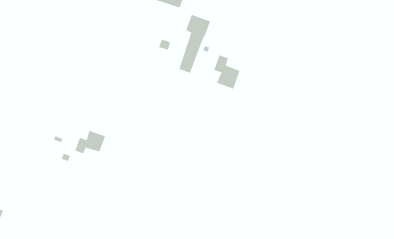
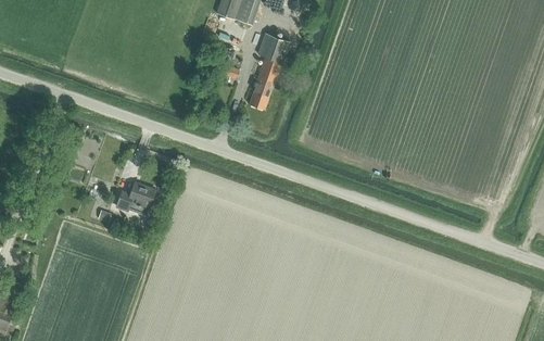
building: [214,54,240,89] -> none

